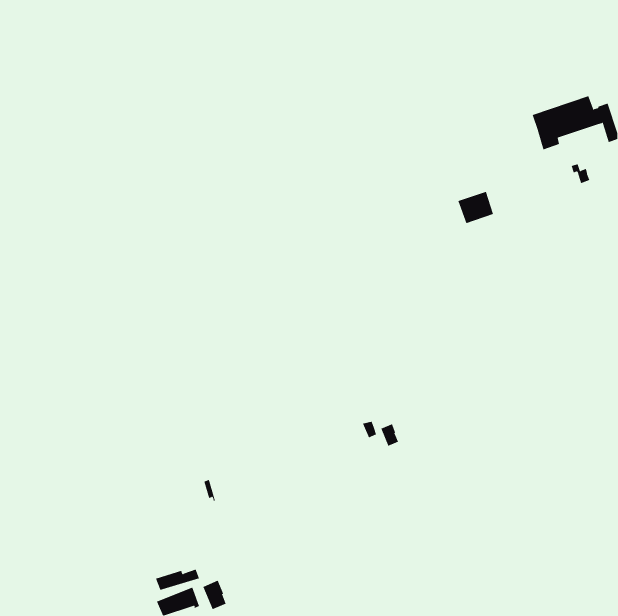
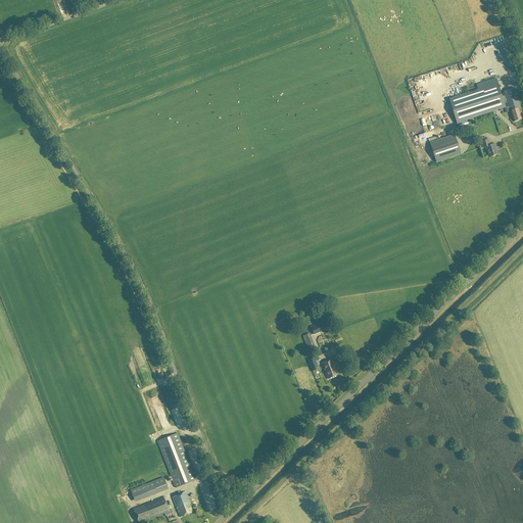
building: [457,191,494,224] -> [429,133,460,160]
building: none -> [156,431,194,486]

